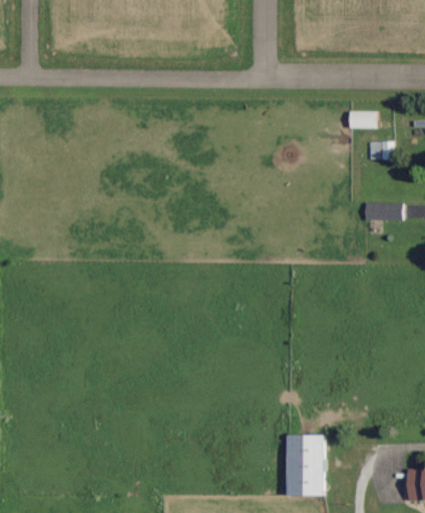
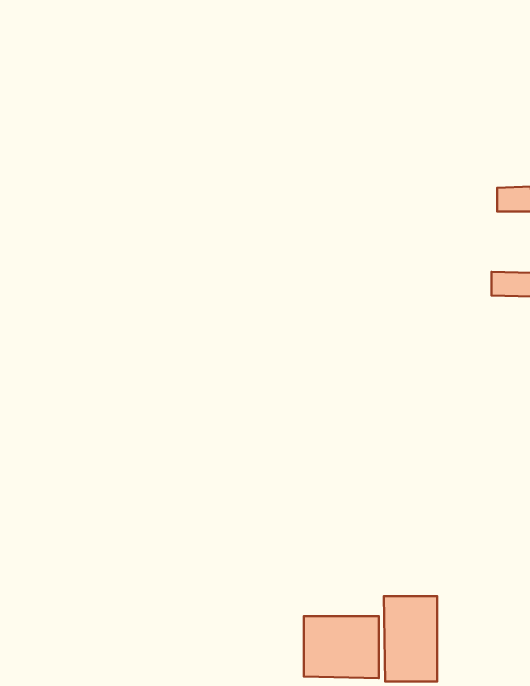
building: [349,111,377,129] -> none
building: none -> [304,616,379,678]

